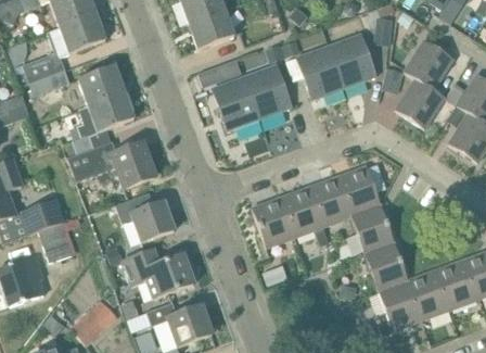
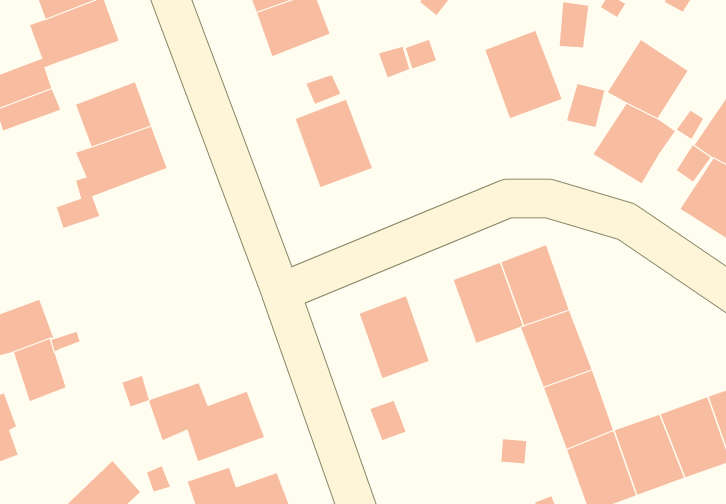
building: [296,45,344,99] -> none
building: [244,63,292,117] -> none
building: [67,140,155,187] -> none
building: [281,186,330,244] -> none
building: [115,191,175,241] -> none

